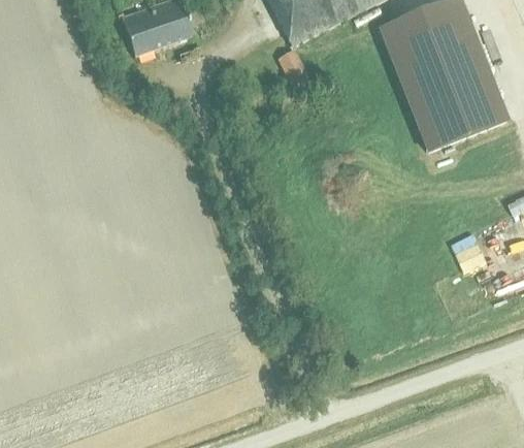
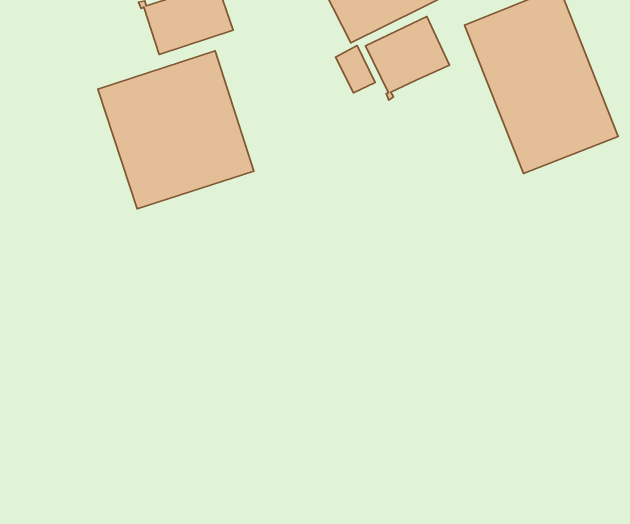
building: none -> [366,16,450,100]
building: none -> [98,51,254,209]

